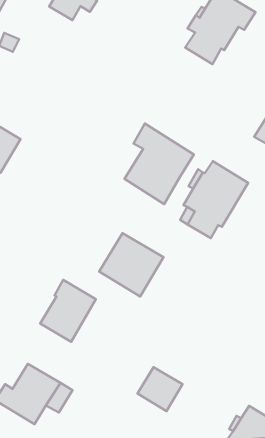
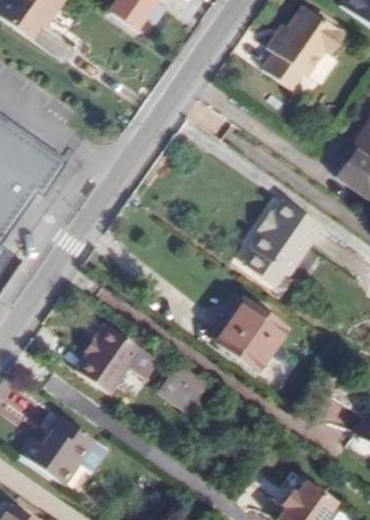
building: [124,124,194,204] -> none
building: [99,233,164,297] -> [213,298,288,371]
building: [137,367,183,411] -> [156,363,207,413]

